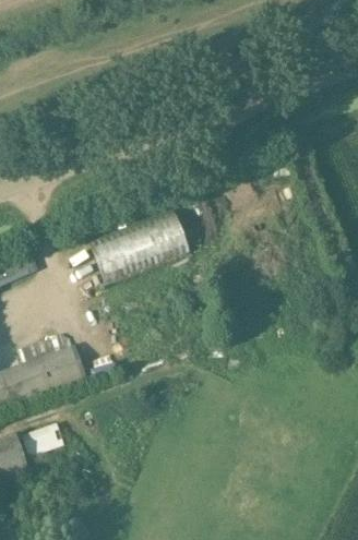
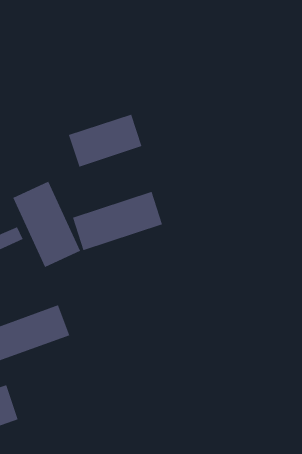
building: none -> [68,114,142,167]
building: none -> [12,181,81,268]

